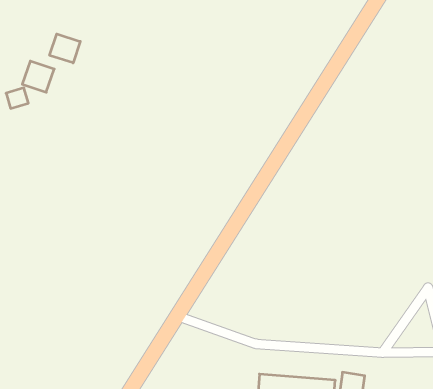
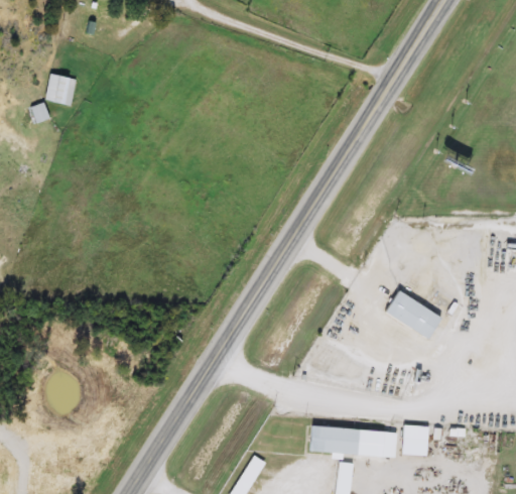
building: [50,34,80,63] -> none
building: none -> [384,290,441,339]

